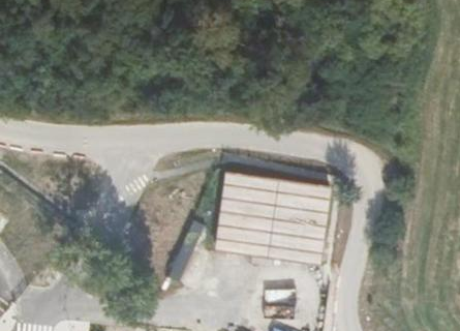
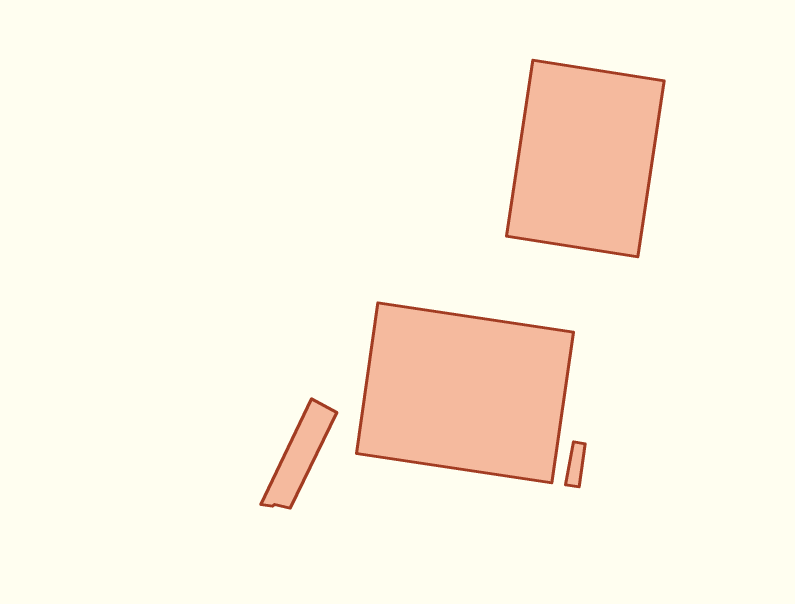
building: none -> [507,60,664,257]

